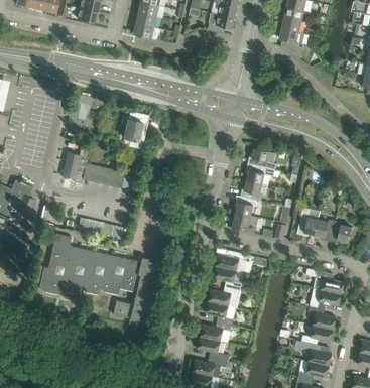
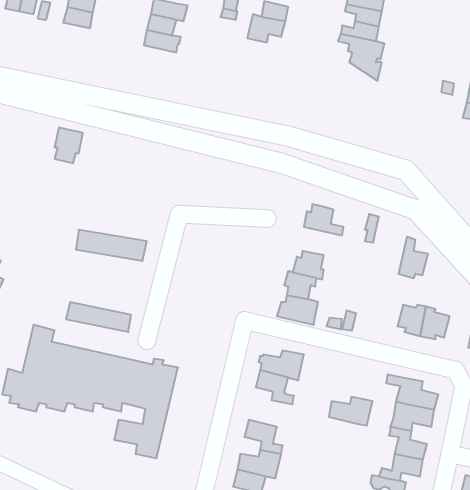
building: [121,111,149,148] -> none
building: [61,148,89,183] -> none
building: [245,163,275,183] -> none
building: [297,207,319,236] -> [398,237,428,278]
building: [209,286,240,306] -> [329,397,373,425]

